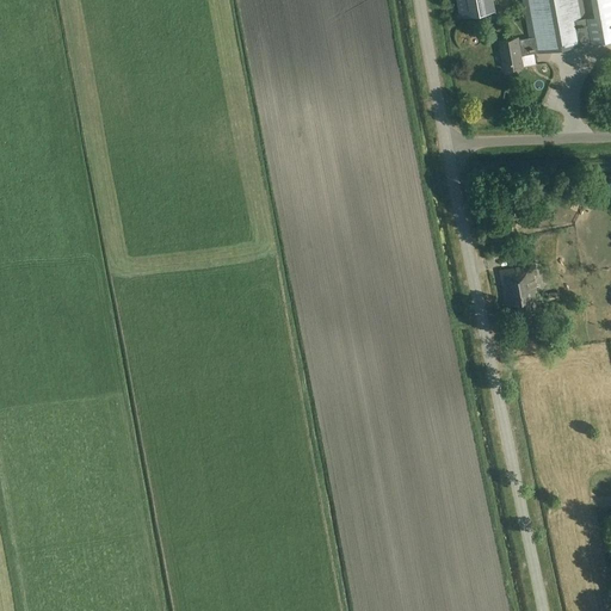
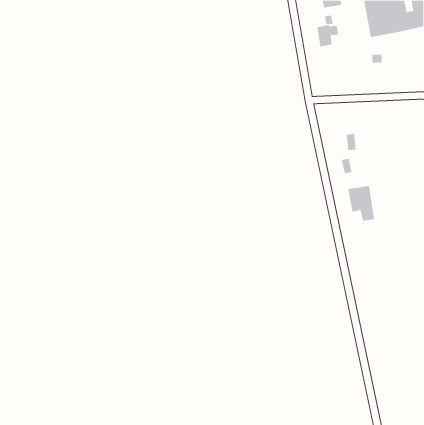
building: [499,37,531,69] -> [317,25,339,47]

